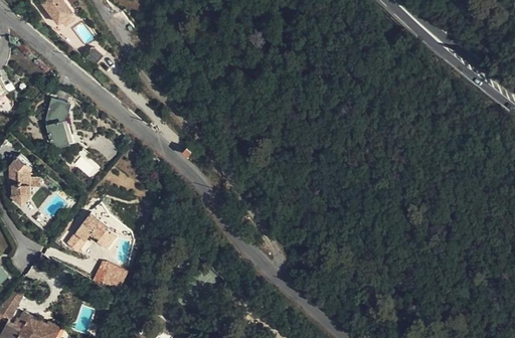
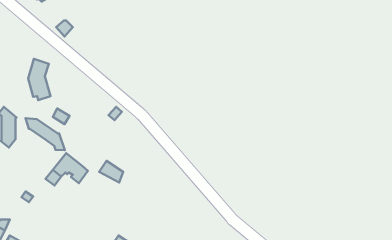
building: none -> [26,118,65,150]
building: [95,268,124,294] -> [99,161,123,183]

